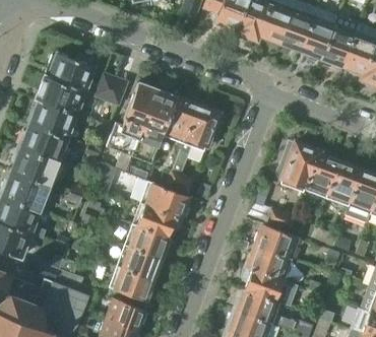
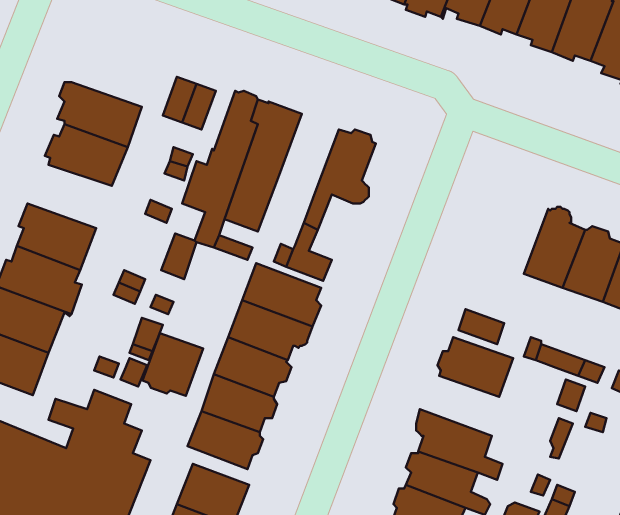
building: [44,52,95,91] -> none
building: [164,94,198,139] -> none
building: [18,125,67,161] -> none
building: [276,139,319,188] -> none
building: none -> [143,333,203,396]
building: [245,247,291,281] -> none

